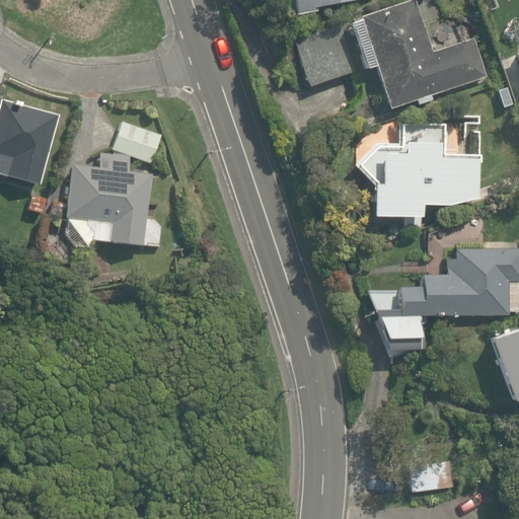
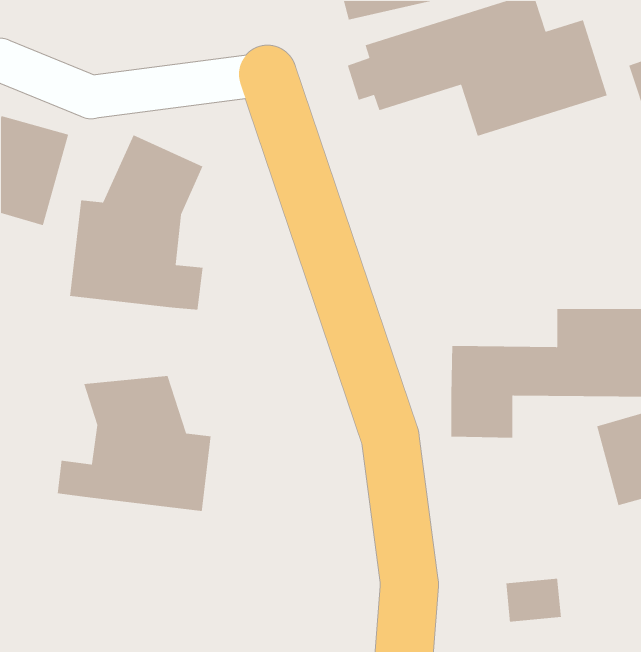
building: [348,124,476,220] -> none
building: none -> [57,375,211,512]

